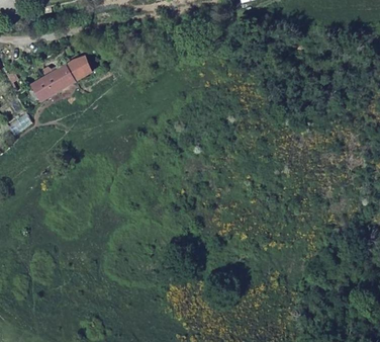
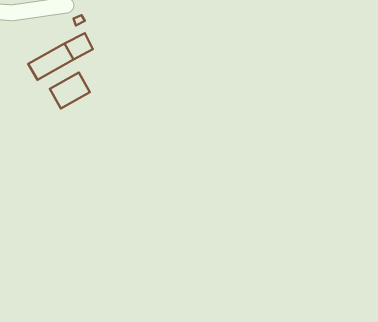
building: none -> [50,73,90,109]

